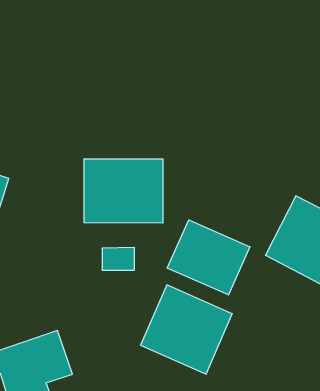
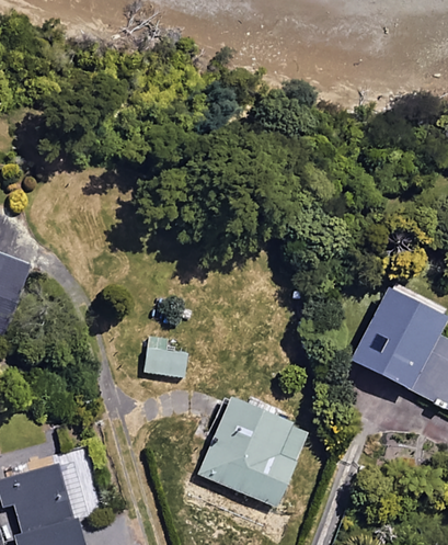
building: [84,159,163,223] -> none
building: [167,220,250,295] -> none

